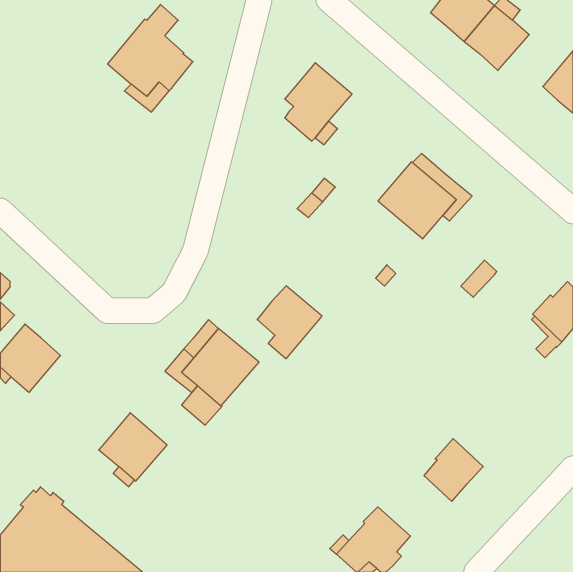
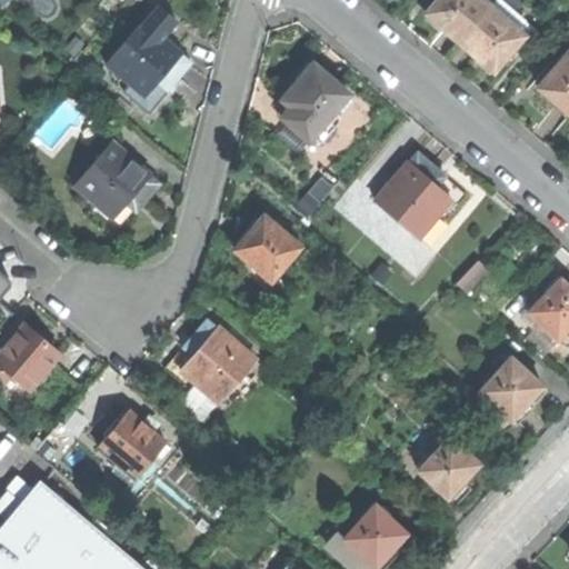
building: none -> [74,140,161,232]
building: [257,286,322,359] -> [236,216,300,288]
building: none -> [479,358,542,423]

